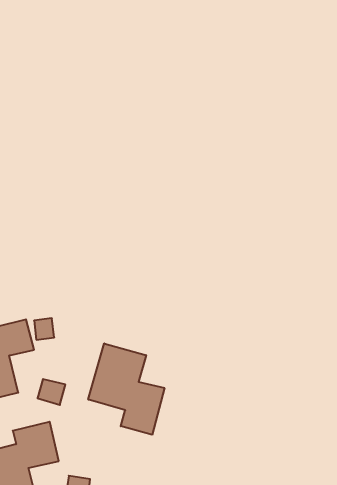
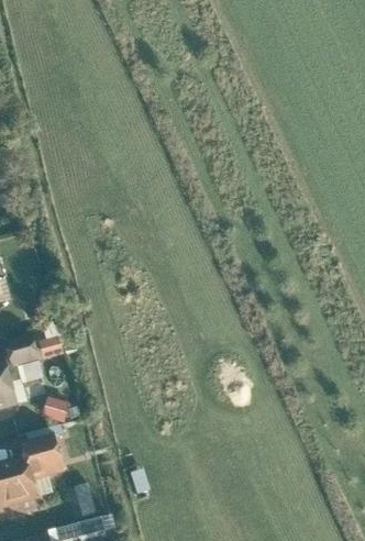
building: [88,343,164,435] -> none

